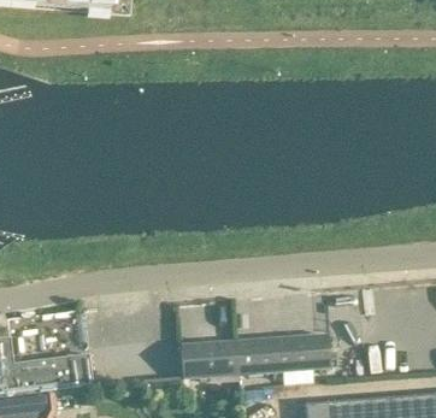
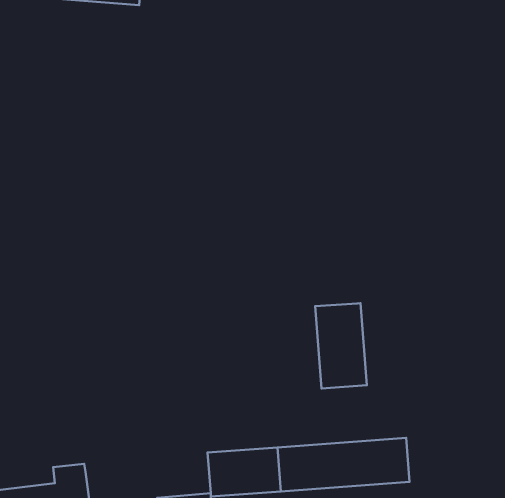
building: none -> [315,303,367,389]

